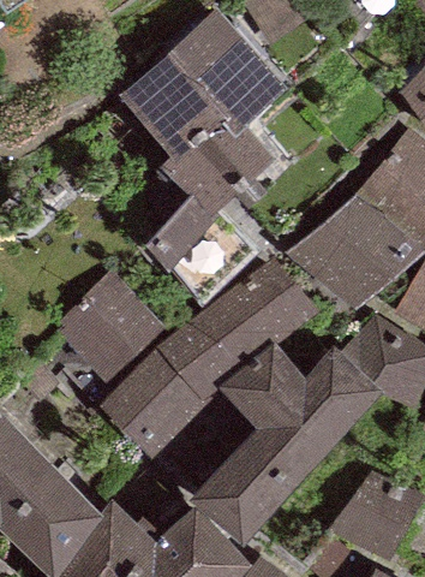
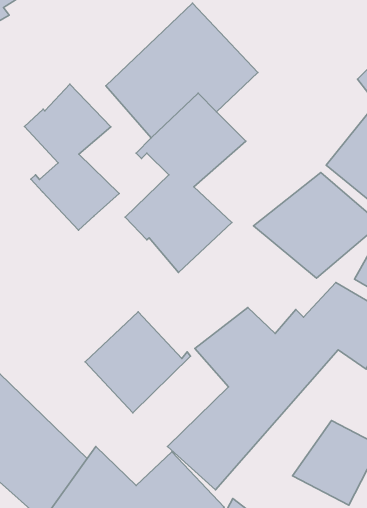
building: none -> [25,84,119,230]
building: [156,257,319,400] -> none
building: [53,272,164,382] -> none

